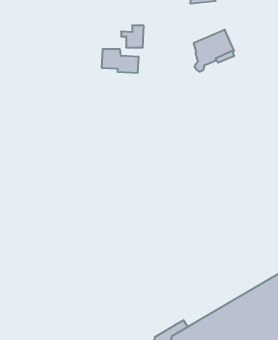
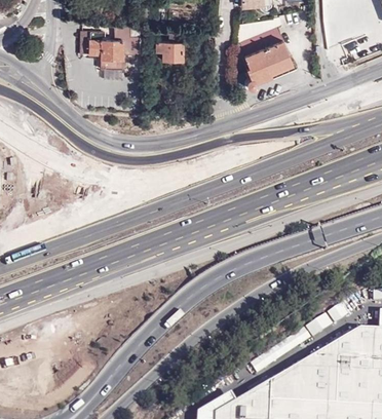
building: [102,49,139,73] -> [79,32,124,61]

